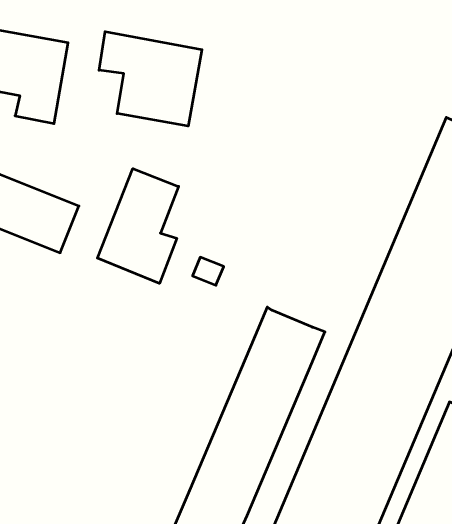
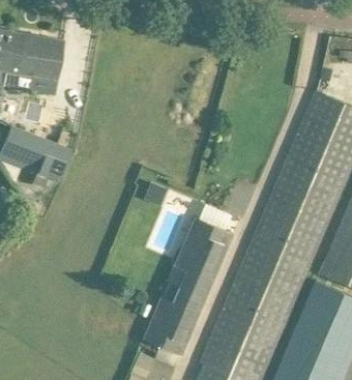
building: [99,32,202,126] -> none
building: [97,169,179,283] -> none

